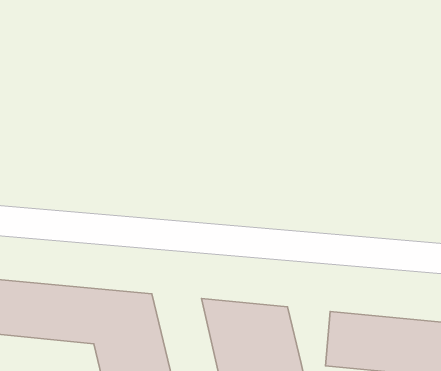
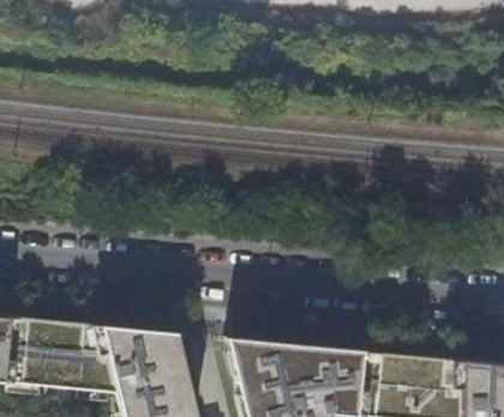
building: none -> [318,346,362,407]

